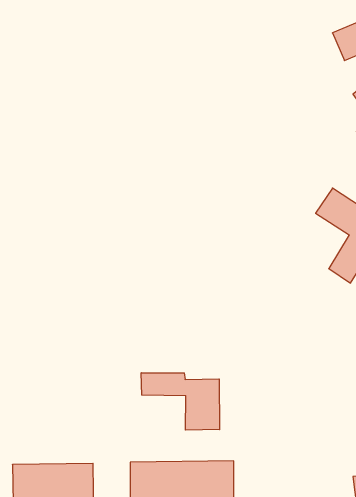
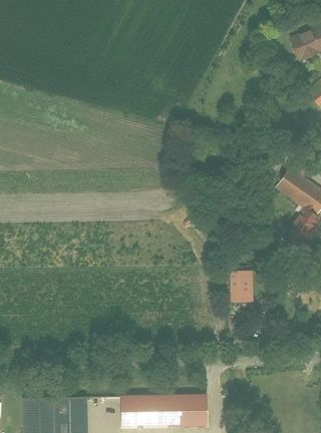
building: none -> [229,269,253,300]
building: [141,373,220,430] -> none

